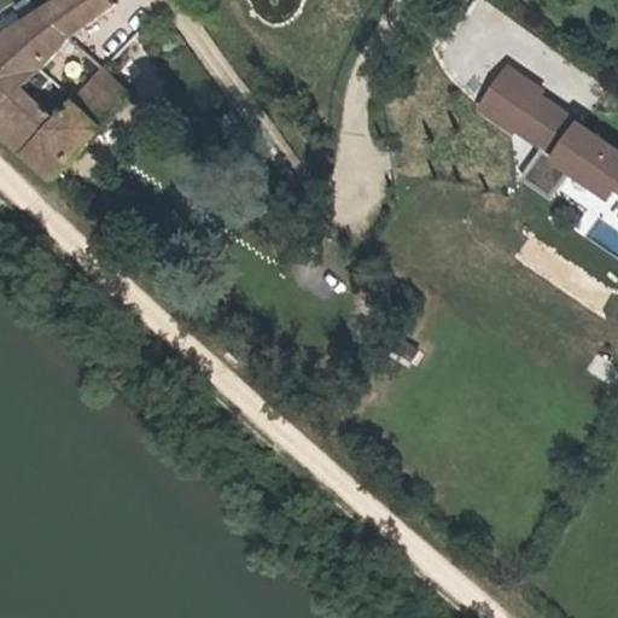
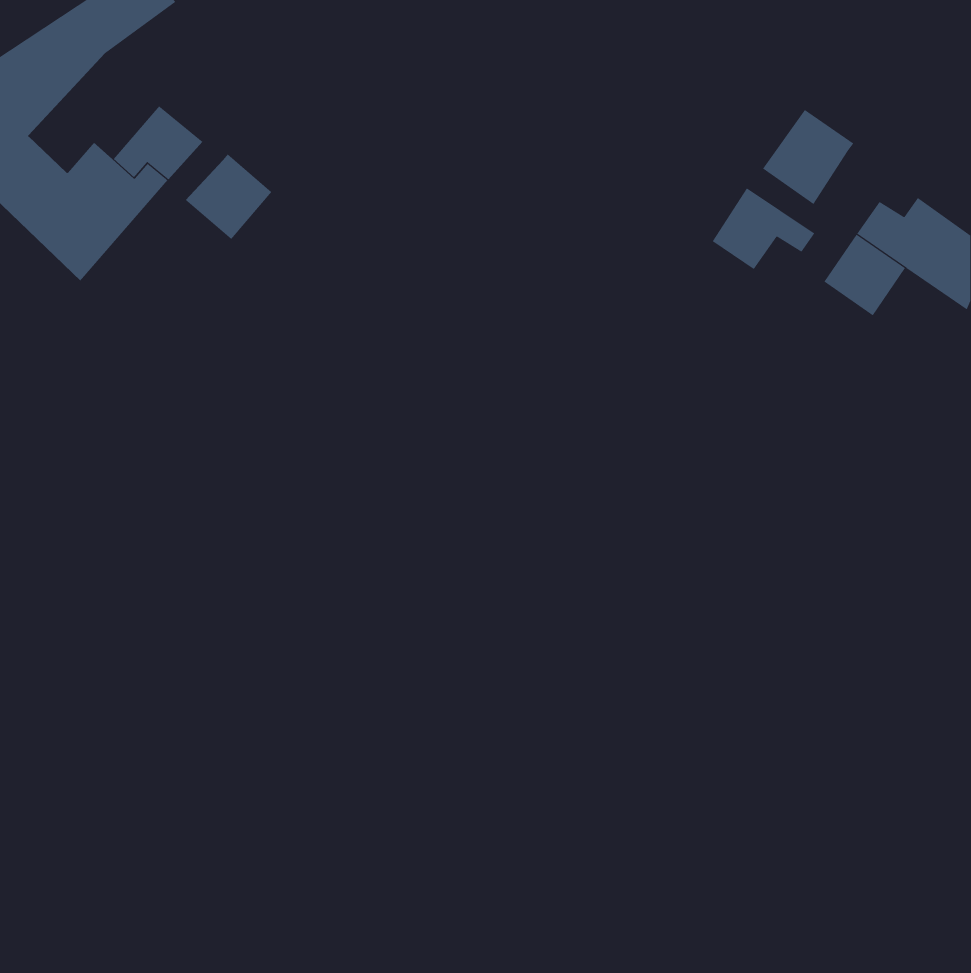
building: [513,95,578,147] -> [712,187,815,270]
building: none -> [185,153,272,240]

